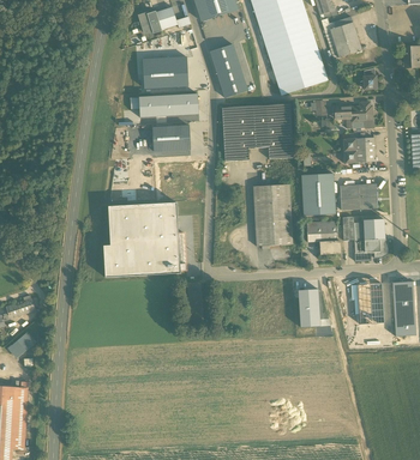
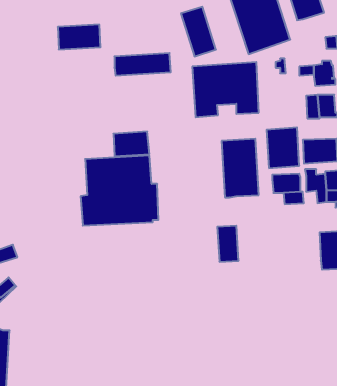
building: [143,61,188,87] -> [58,25,101,49]
building: [152,125,191,151] -> [113,132,149,156]
building: [298,289,320,327] -> [217,226,239,262]

